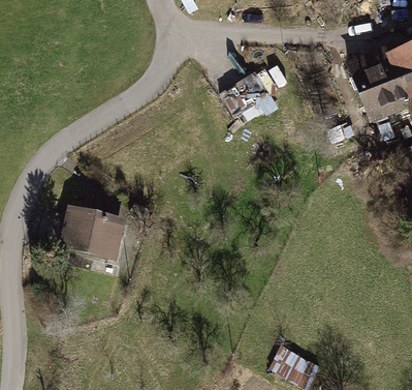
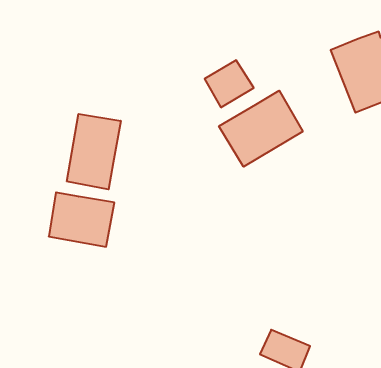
building: none -> [219,91,303,167]
building: none -> [67,114,121,189]

